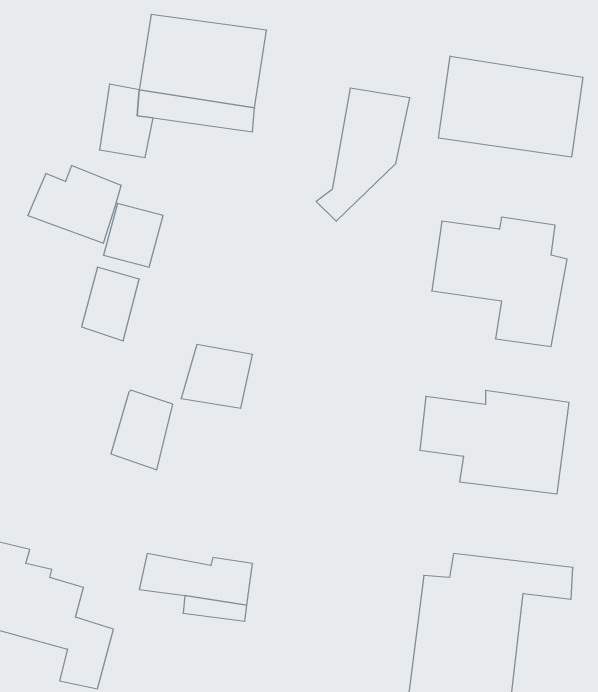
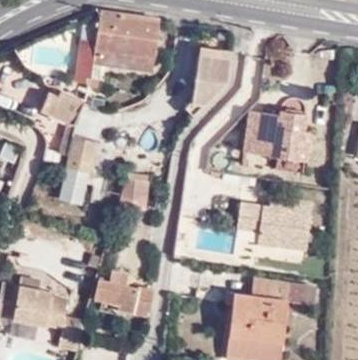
building: [438,56,583,157] -> none
building: [111,390,173,470] -> [56,168,87,208]

